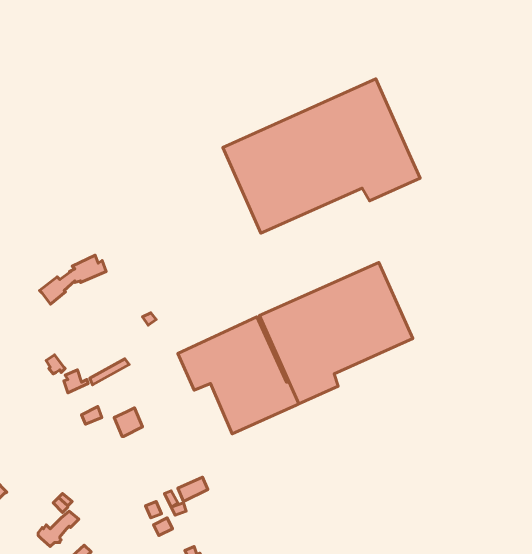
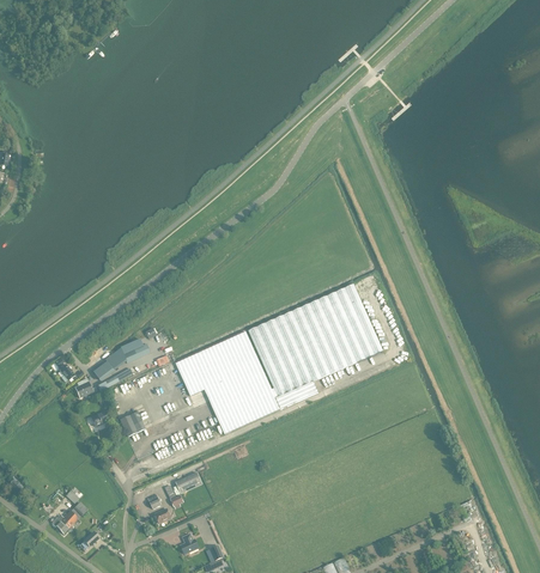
building: [223,79,420,233] -> none
building: [40,255,106,304] -> [90,337,148,380]

